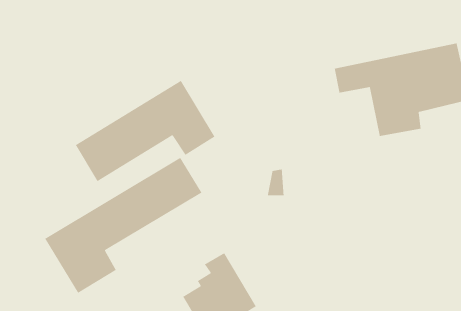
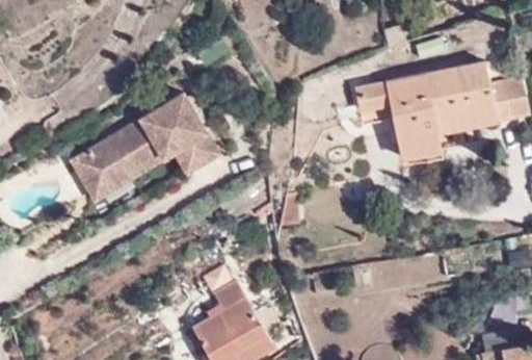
building: [44,157,203,294] -> none

